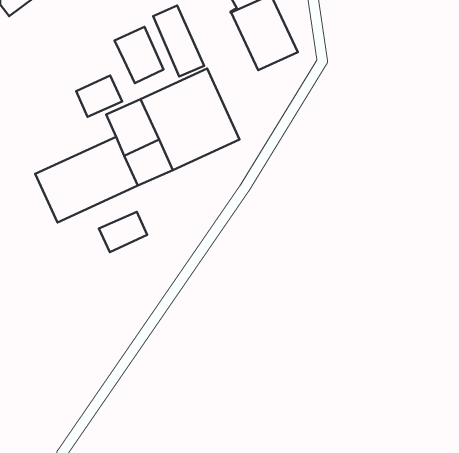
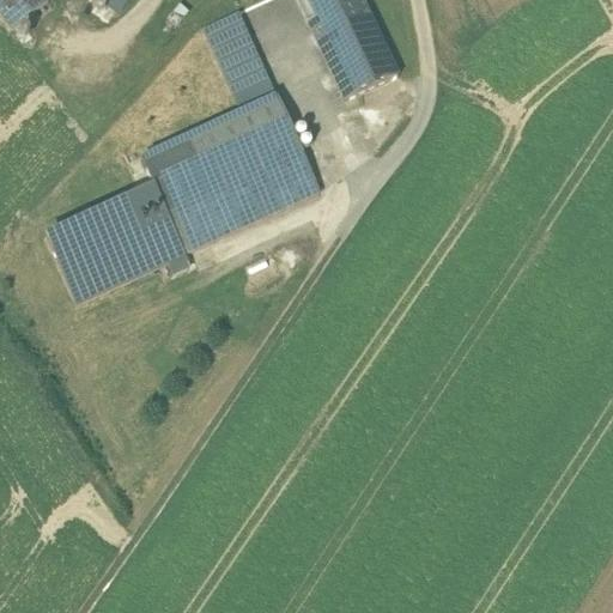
building: [114,27,164,83] -> none
building: [76,76,122,117] -> none
building: [99,212,147,252] -> none

